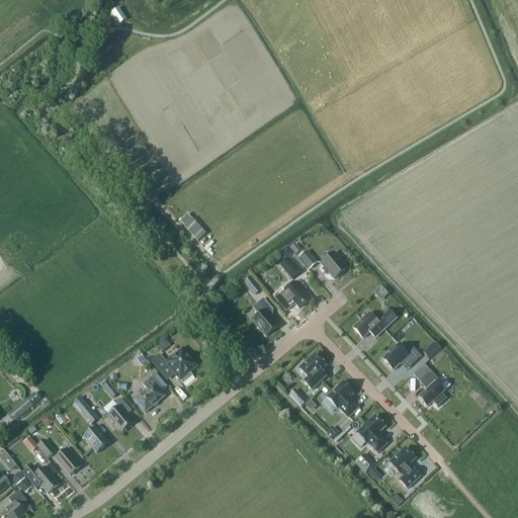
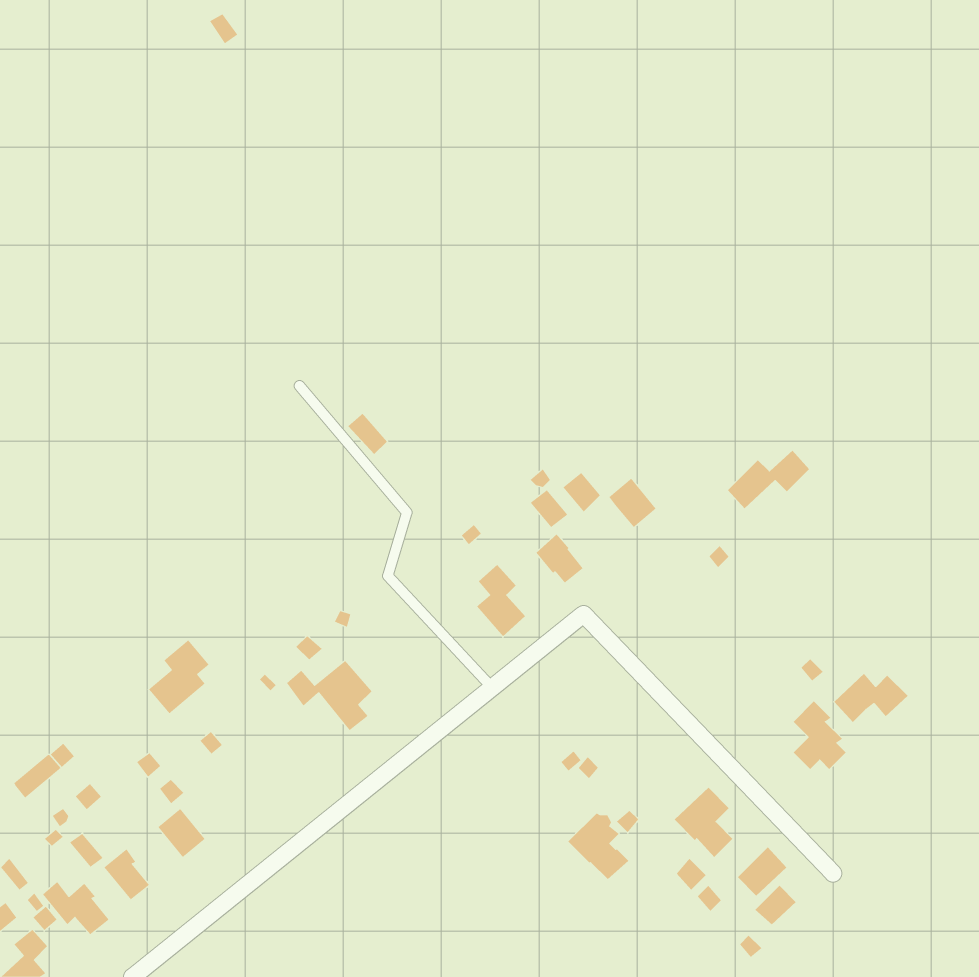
building: [352,307,396,338] -> [727,450,810,509]
building: [381,343,421,369] -> [834,673,908,723]
building: [297,352,325,390] -> none
building: [134,372,166,412] -> [148,639,209,714]
building: [326,381,358,417] -> [568,813,629,880]
building: [106,398,132,431] -> none

